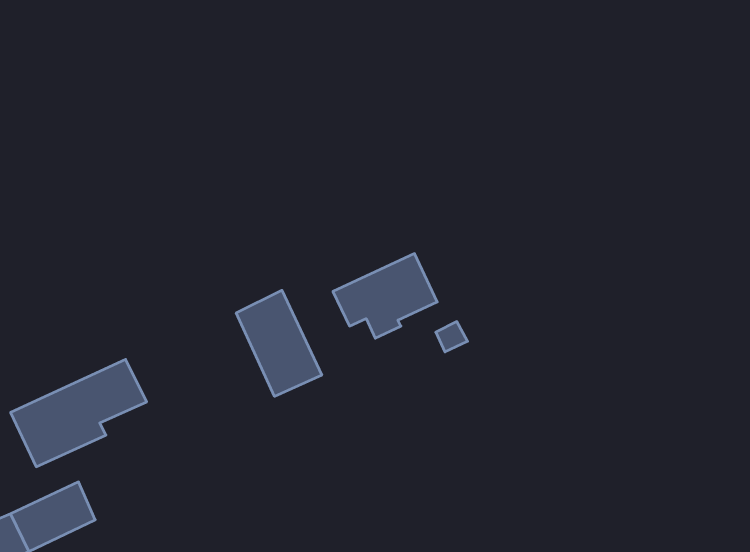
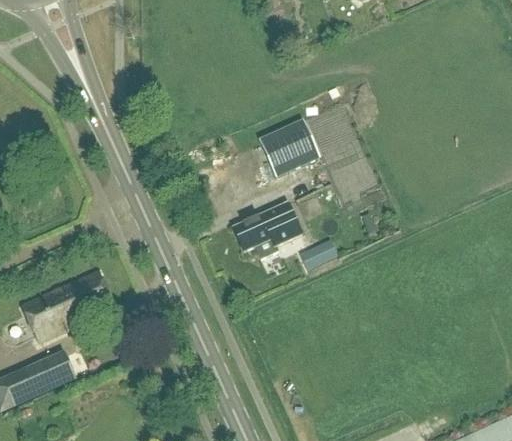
building: none -> [258,117,320,176]
building: [236,290,322,396] -> none

